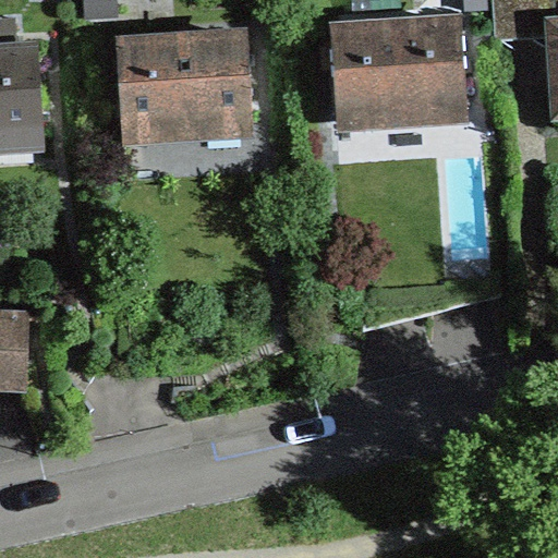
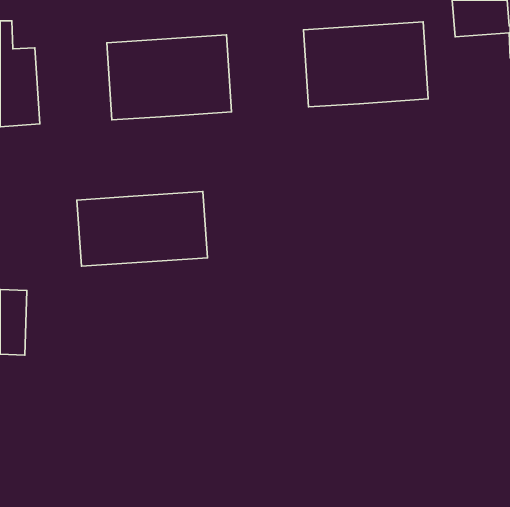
building: none -> [77,192,207,266]

